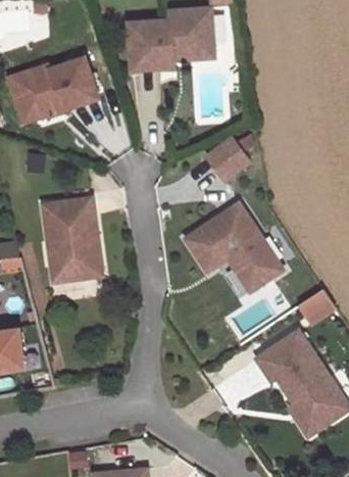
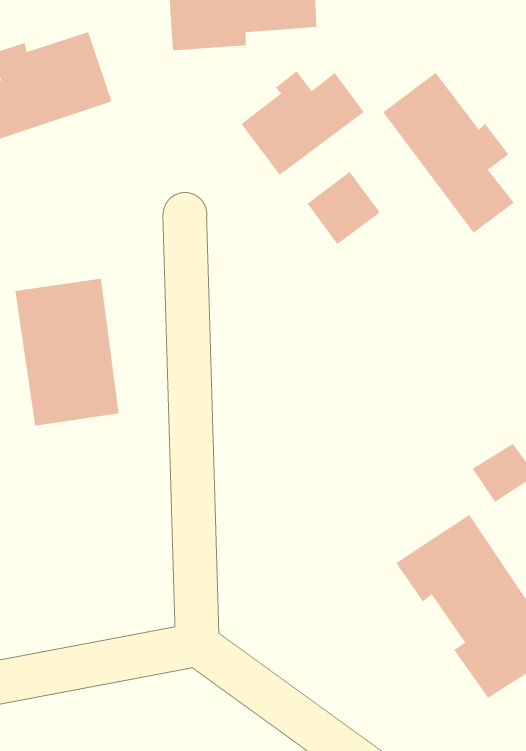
building: none -> [240,70,365,176]
building: none -> [382,72,515,234]
building: [186,203,283,291] -> none

